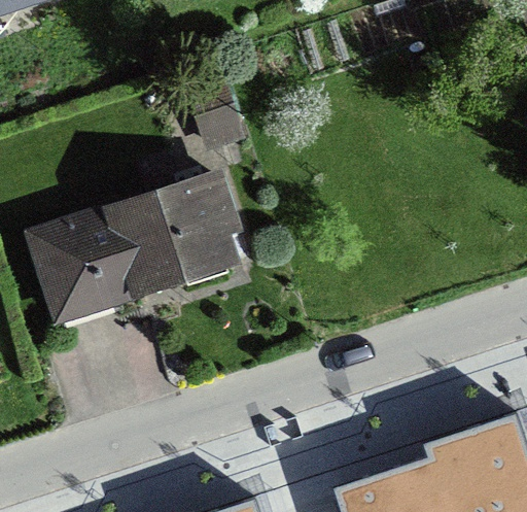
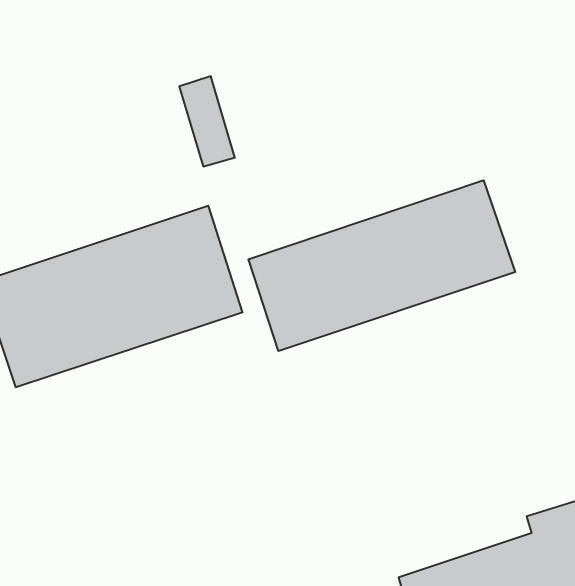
building: none -> [248,180,515,351]

